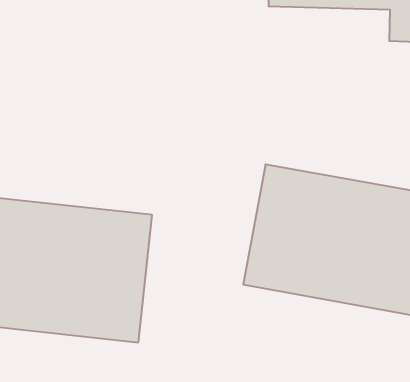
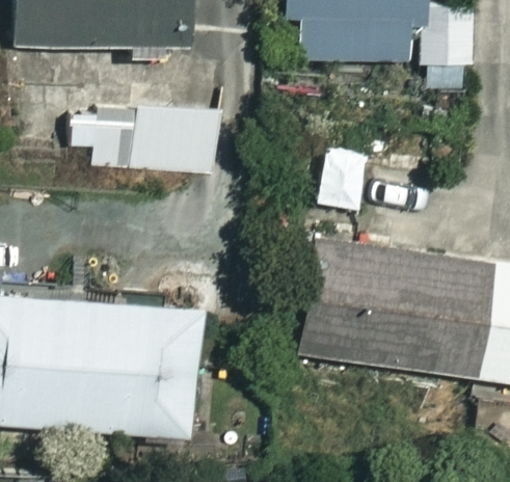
building: none -> [80,107,224,177]

